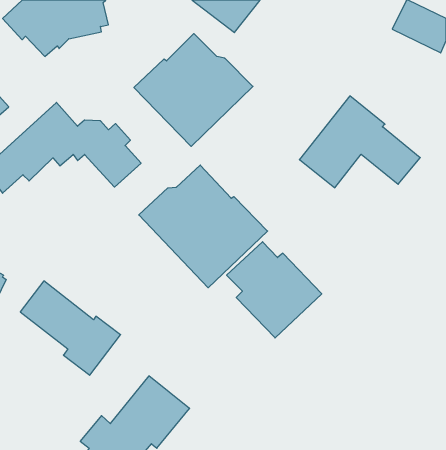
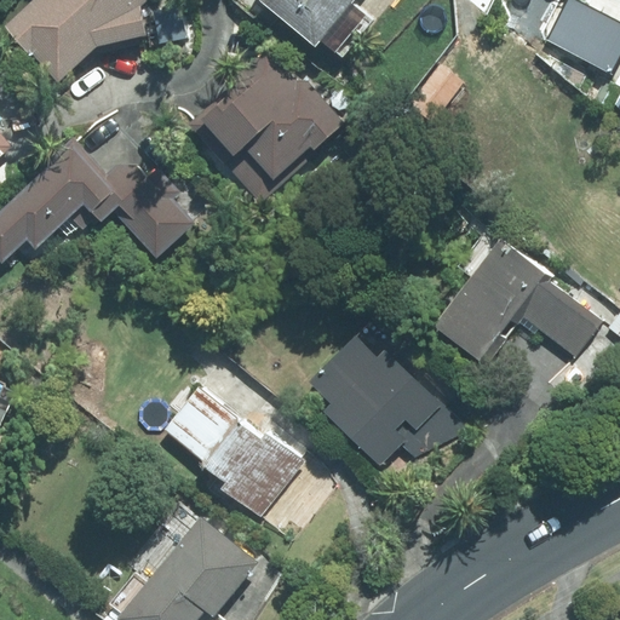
building: [299,96,420,188] -> [432,235,598,361]
building: [139,165,268,288] -> none
building: [20,281,121,375] -> [162,388,300,517]

